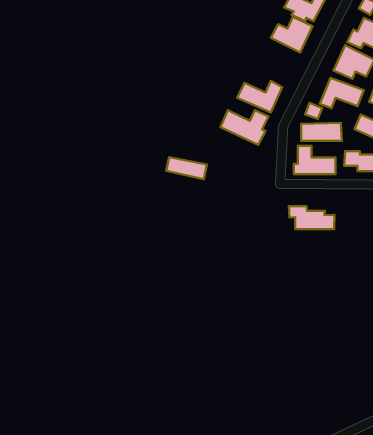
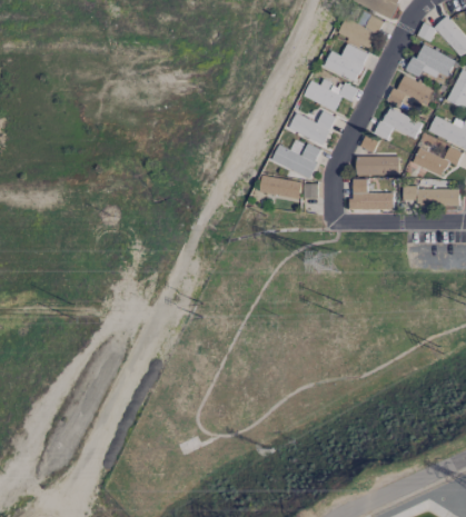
building: none -> [308,83,343,111]
building: [166,157,207,179] -> [259,175,303,198]
building: [289,206,334,229] -> none

